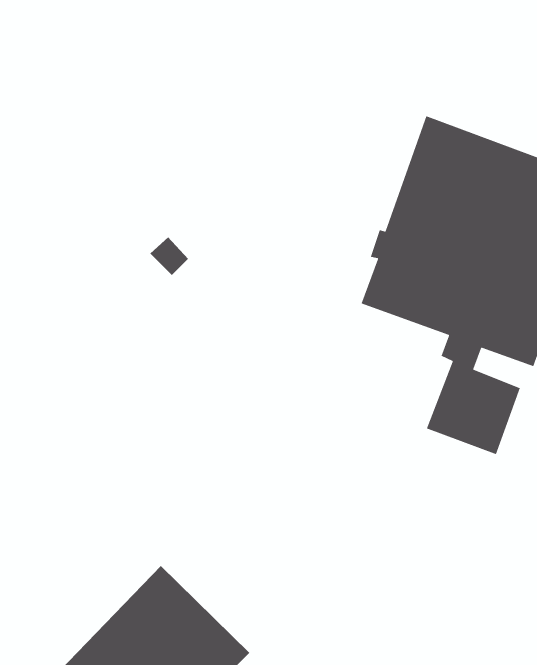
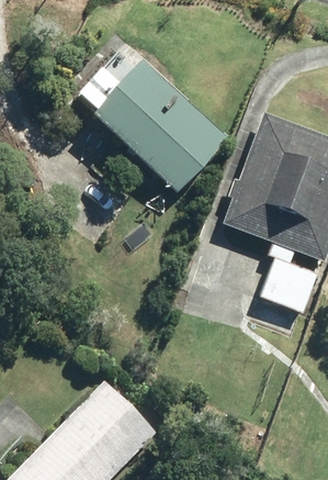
building: none -> [83,59,229,192]

